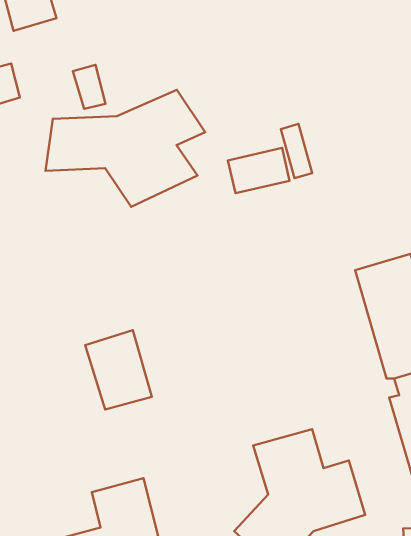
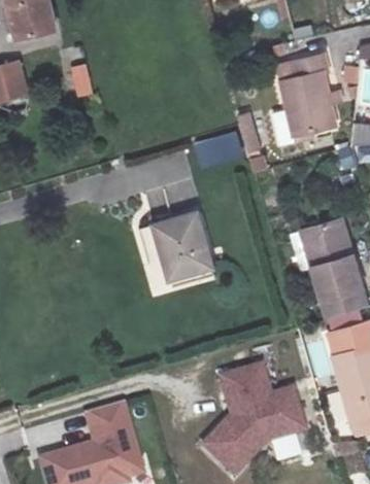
building: none -> [275,51,338,139]
building: [45,90,205,207] -> none
building: [85,330,152,409] -> [149,213,204,278]

